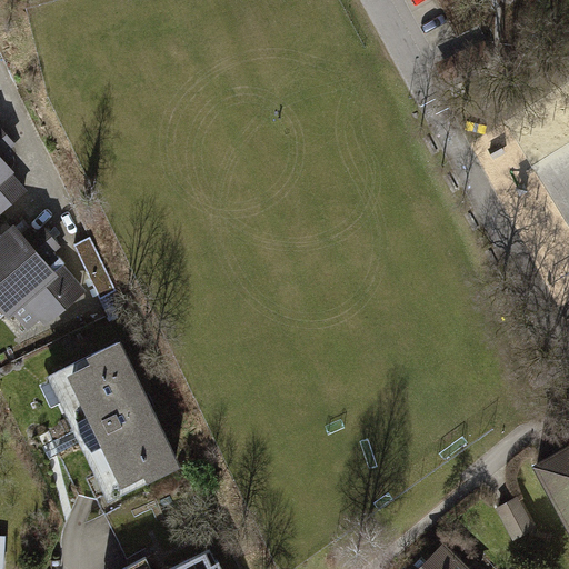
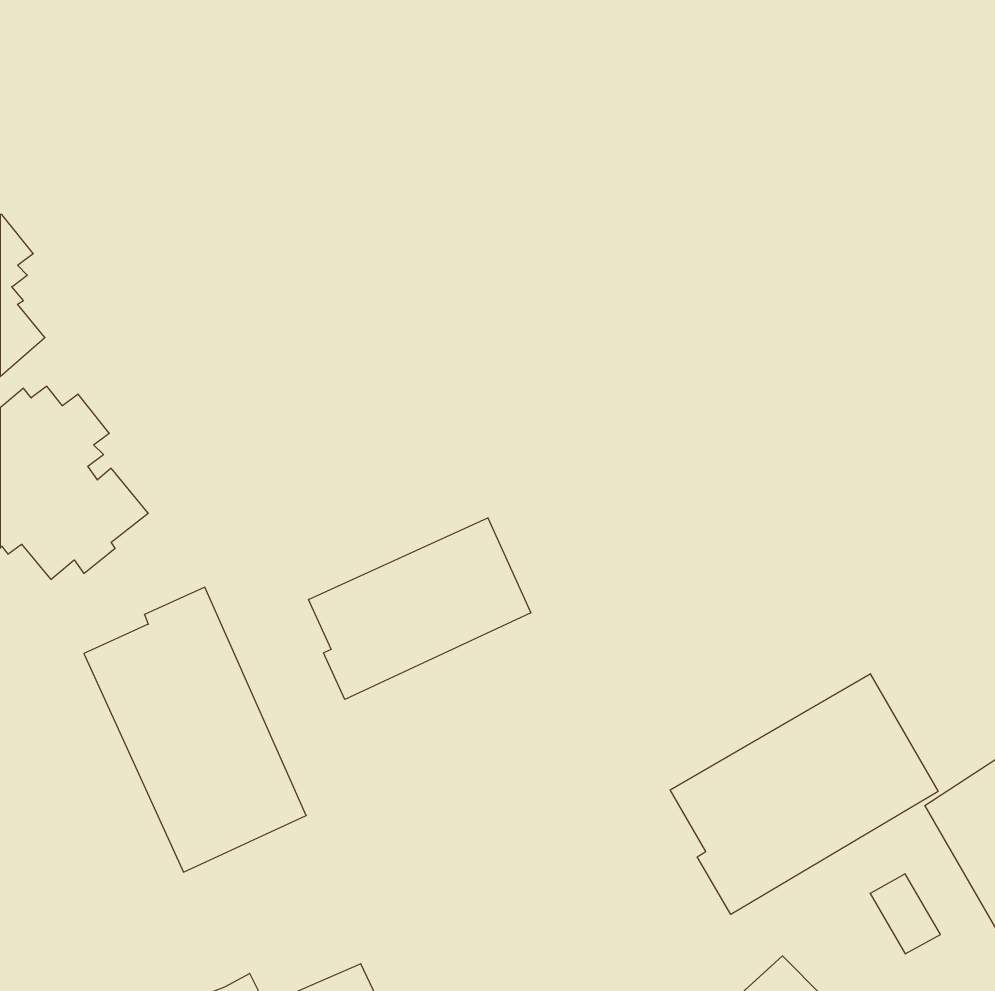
building: none -> [309,518,531,699]
building: none -> [670,674,938,914]

